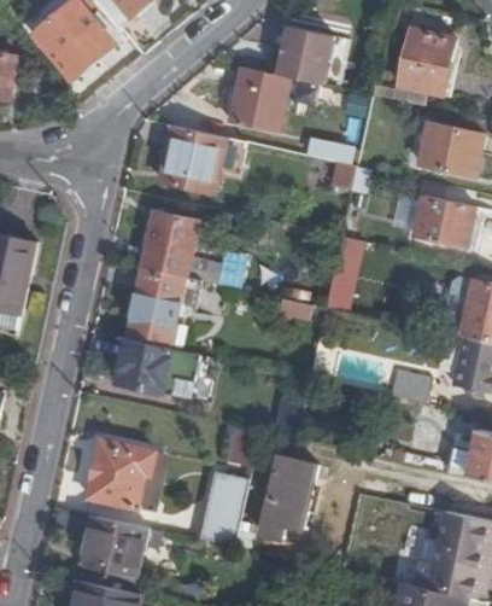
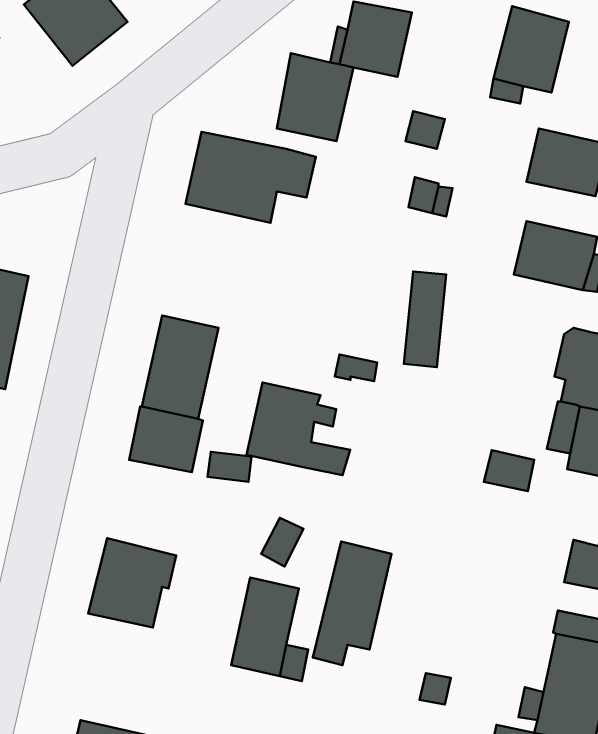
building: [141,214,221,285] -> [247,383,350,475]
building: [71,514,135,577] -> none

